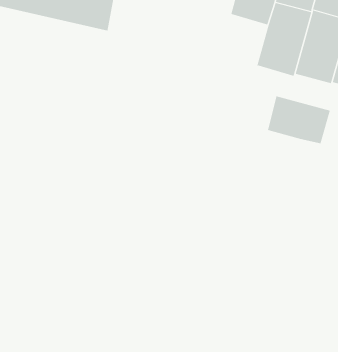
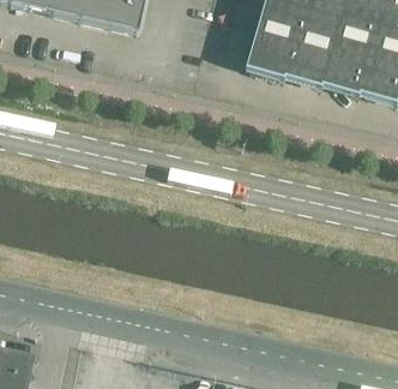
building: none -> [248,19,297,73]
building: [265,96,331,144] -> none

